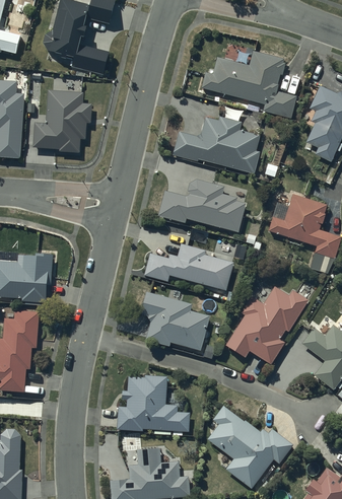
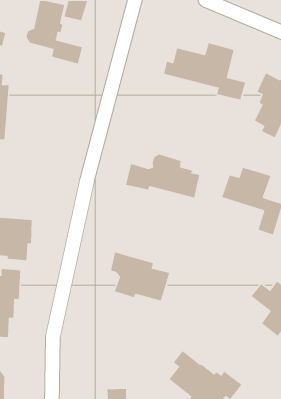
building: [33,95,92,158] -> none
building: [173,117,260,173] -> none
building: [144,243,233,290] -> none
building: [226,286,309,364] -> none
building: [117,374,190,431] -> none

